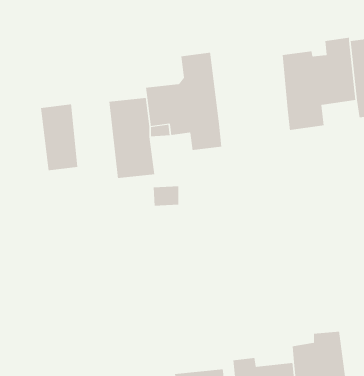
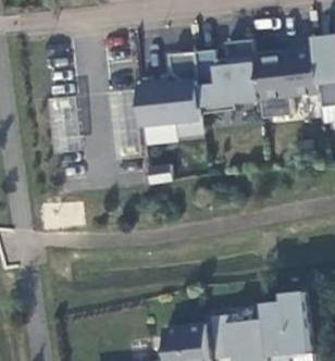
building: none -> [194,39,259,113]

